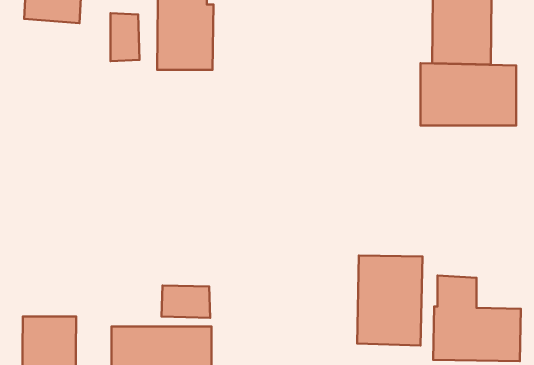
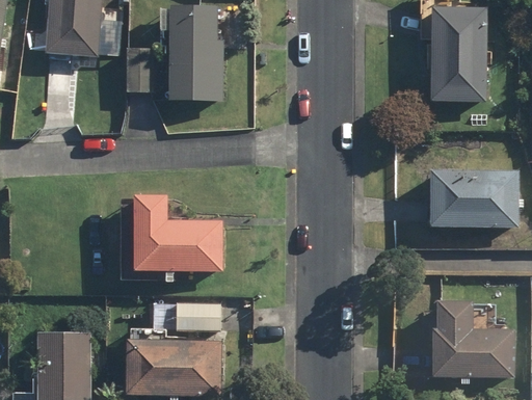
building: [421,63,516,125] -> [425,164,514,222]
building: none -> [134,198,221,274]
building: [357,255,422,345] -> none

